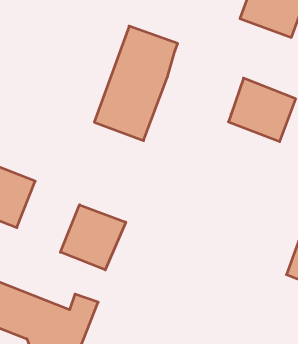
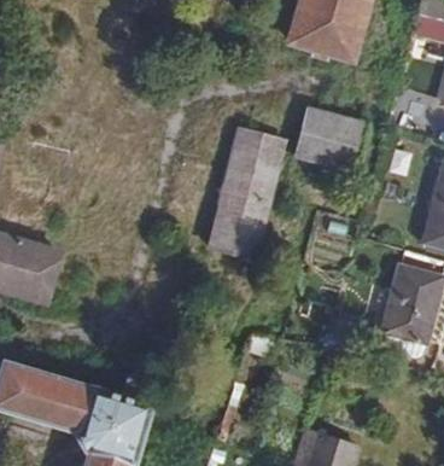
building: [94,26,178,141] -> [204,130,296,267]
building: [60,205,126,270] -> none

